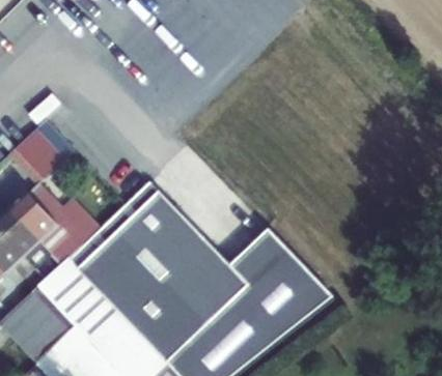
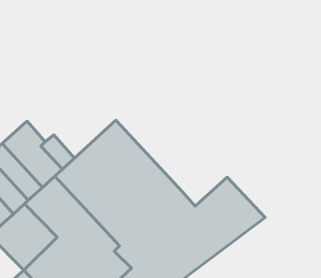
building: [15,128,66,184] -> none
building: [229,233,283,286] -> none

